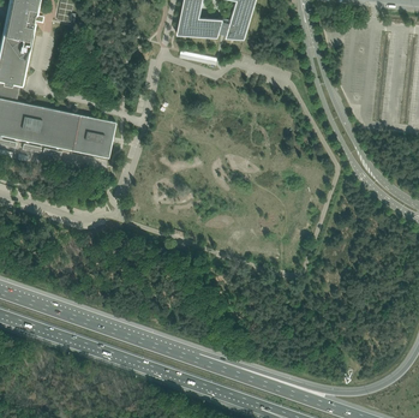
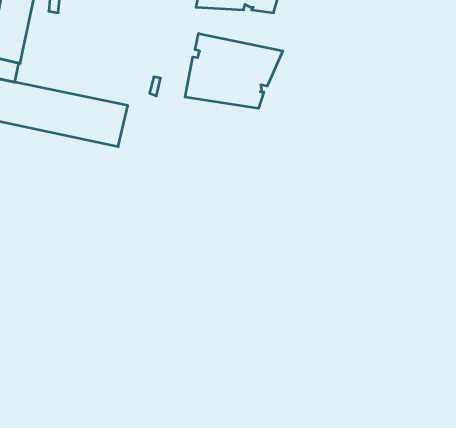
building: none -> [185,33,283,108]

